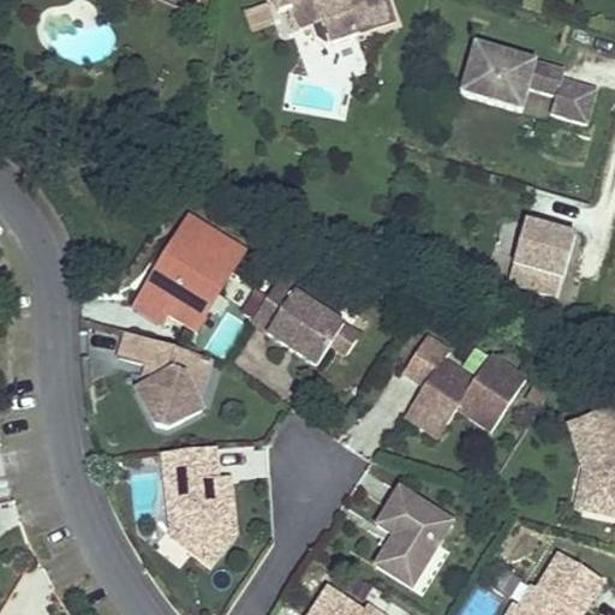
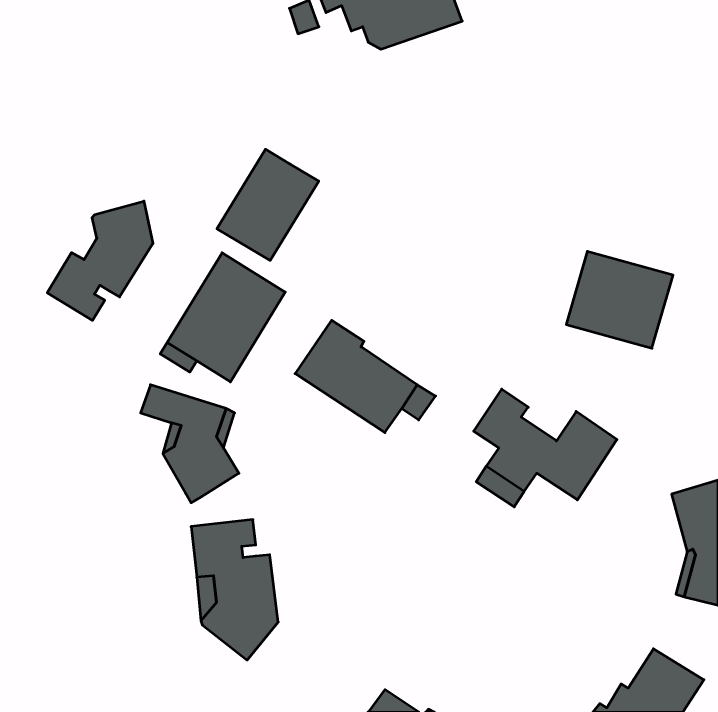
building: [461,42,598,123] -> none
building: none -> [217,149,319,260]
building: none -> [47,201,153,320]
building: [360,484,443,584] -> none

